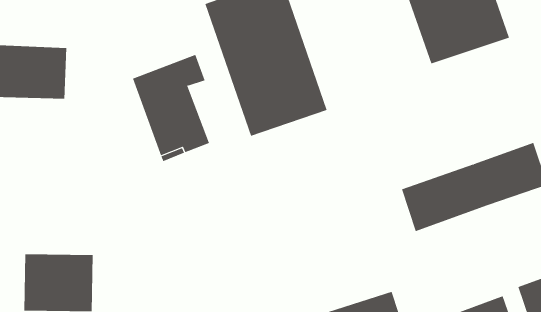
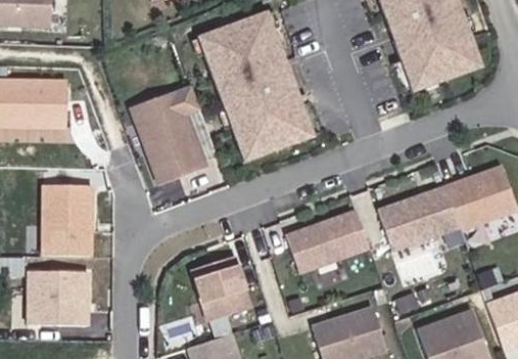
building: none -> [42,185,95,255]
building: none -> [286,208,369,271]
building: none -> [190,256,249,321]

